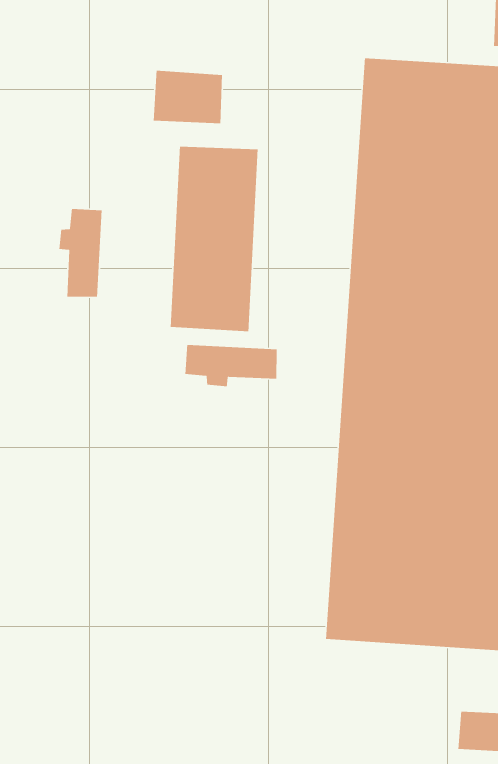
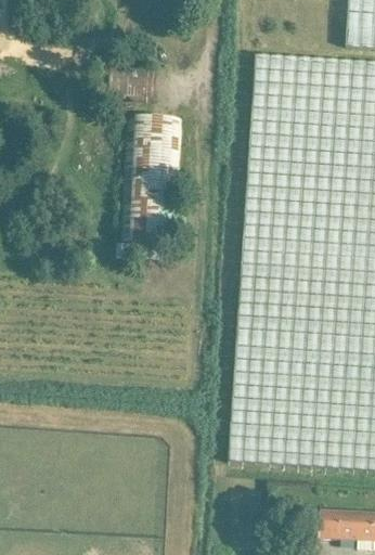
building: [59,208,102,298] -> none
building: [185,344,277,387] -> none

